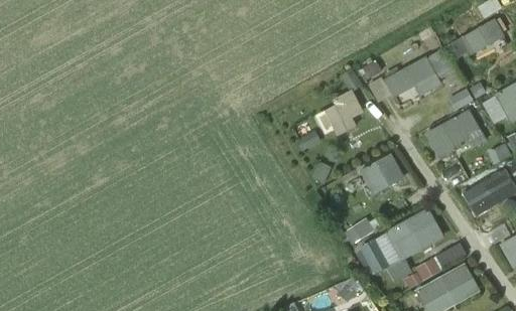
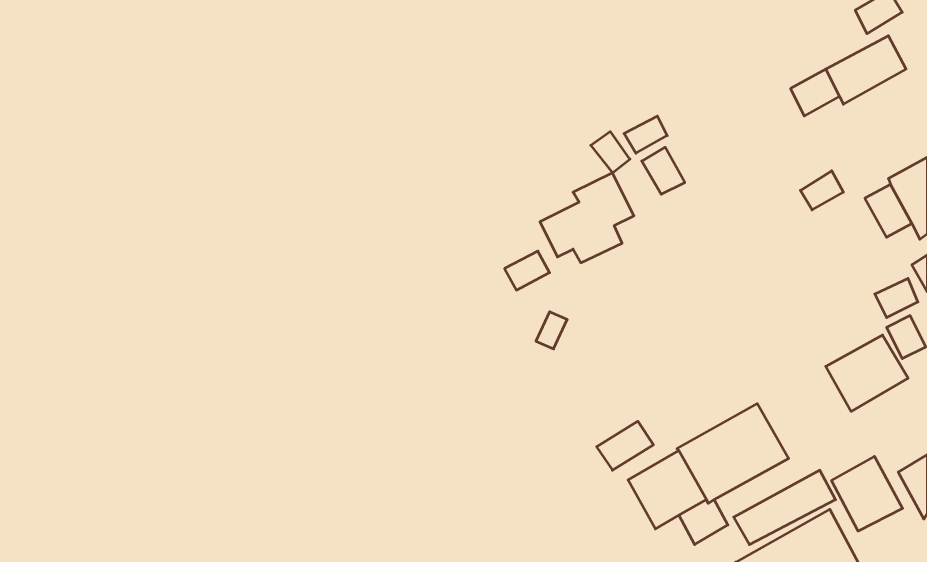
building: [384,48,453,97] -> none
building: [425,110,485,158] -> none
building: [360,153,404,194] -> none
building: none -> [832,456,903,531]

